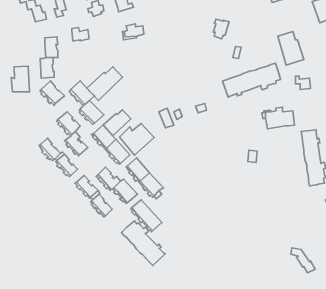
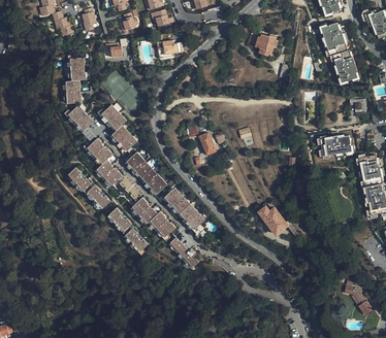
building: none -> [321,22,347,53]
building: [222,63,281,97] -> none
building: [11,66,29,92] -> none
building: [87,67,122,100] -> none
building: [103,110,131,136] -> none
building: [119,123,154,155] -> none
building: none -> [258,206,300,238]
building: [121,221,165,266] -> none

